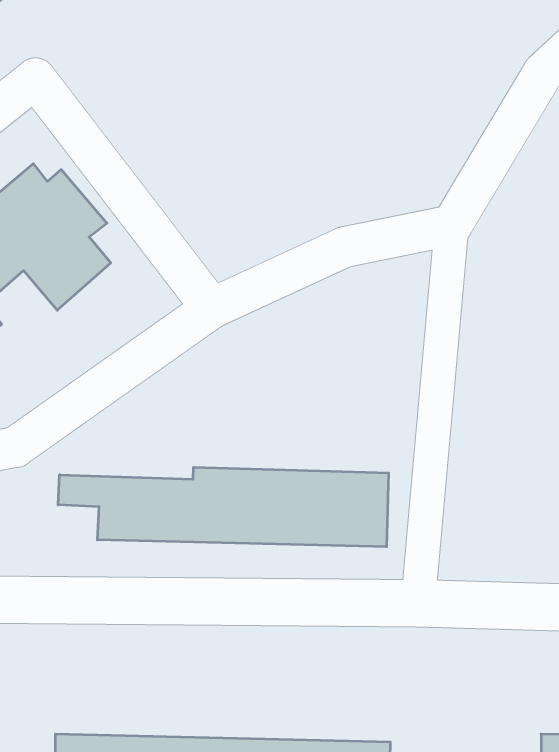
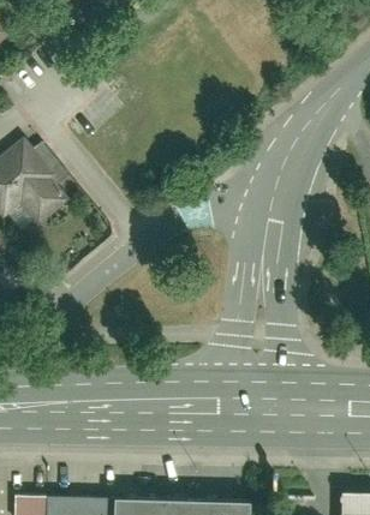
building: [58,467,389,547] -> none

